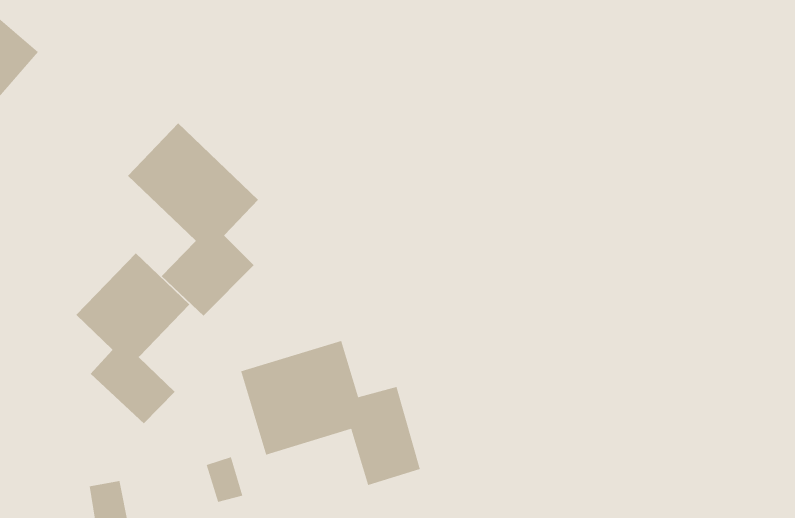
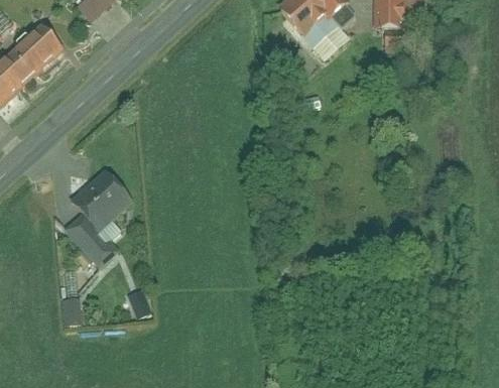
building: [127,122,259,316] -> none
building: [240,340,421,486] -> none

